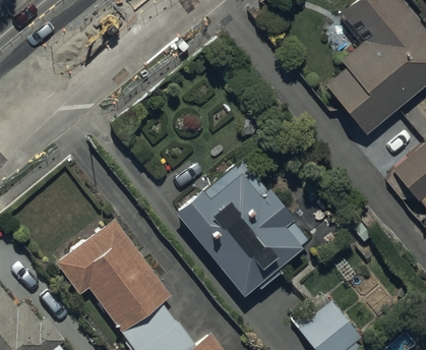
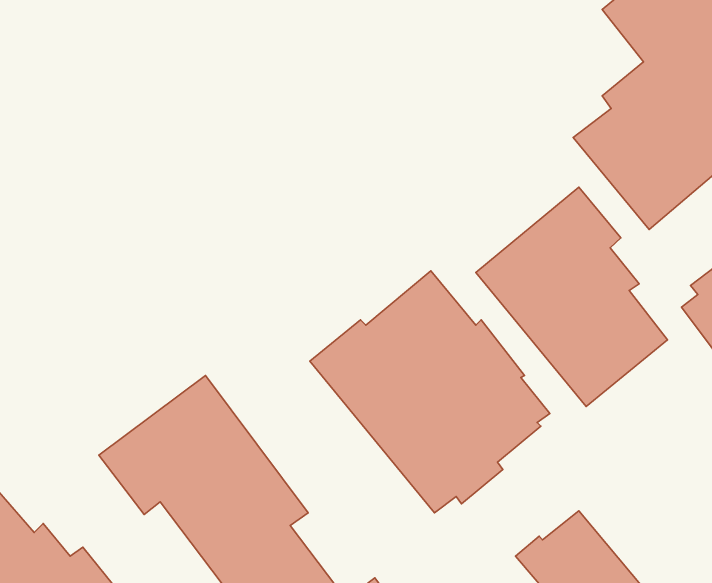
building: none -> [476,187,668,406]

